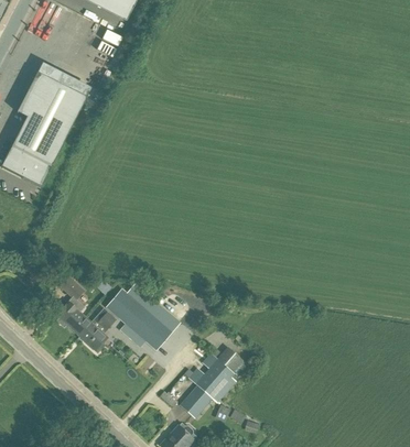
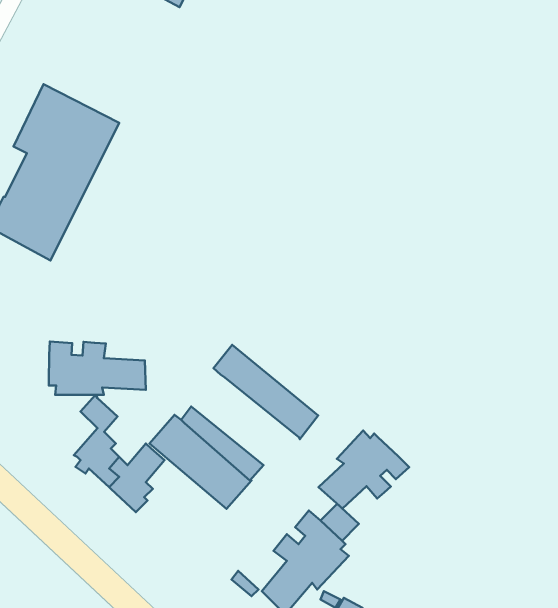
building: none -> [49,342,146,395]
building: none -> [214,345,318,439]
building: none -> [318,431,409,509]

